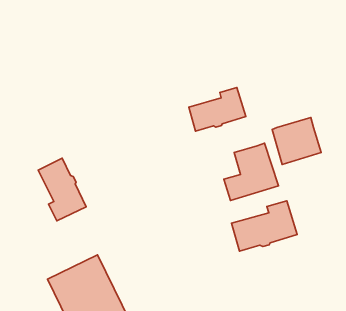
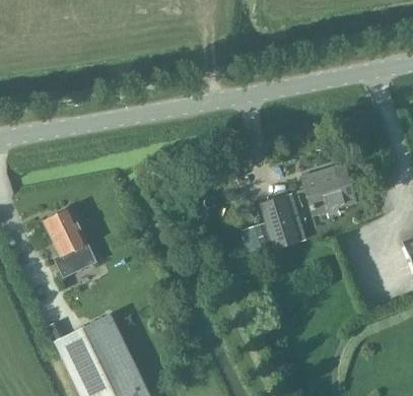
building: [189,88,246,131] -> none
building: [232,201,297,251] -> none

